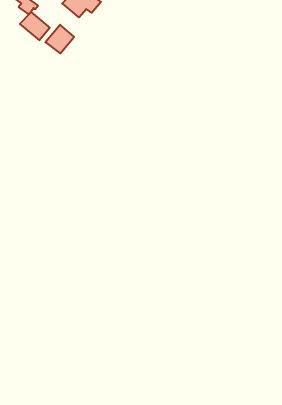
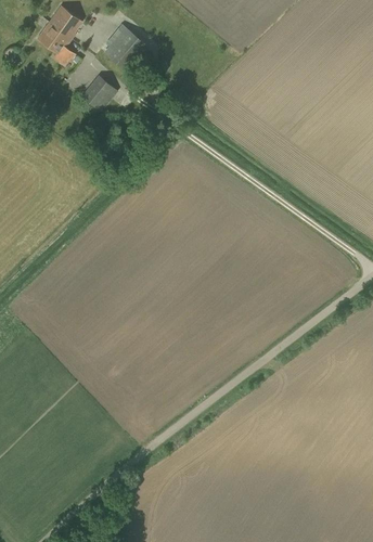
building: [20,12,50,40] -> none

